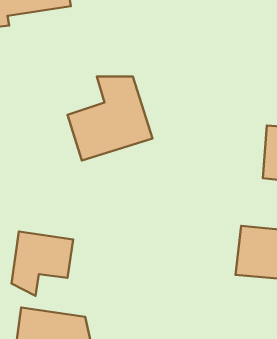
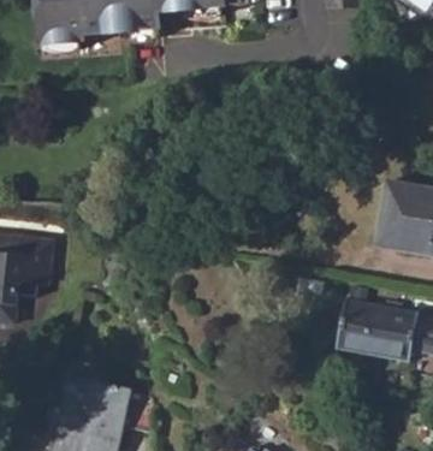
building: [68,76,152,160] -> none
building: [11,231,73,296] -> none

